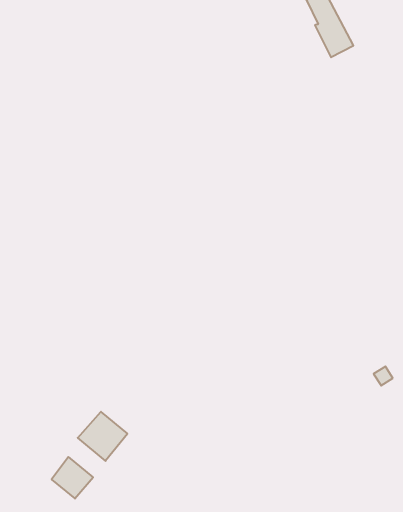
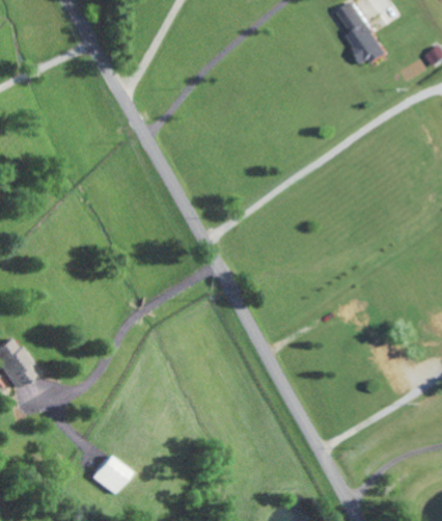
building: [78,412,127,461] -> none

